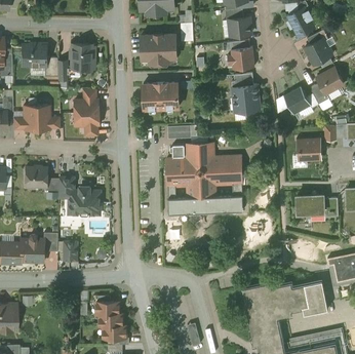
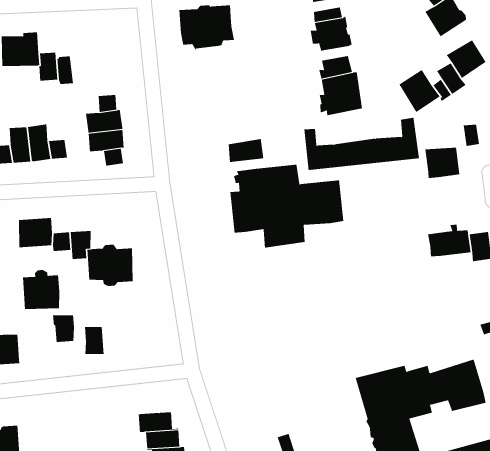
building: [71,45,94,71] -> none
building: [143,83,179,110] -> none
building: [167,184,243,214] -> [304,117,420,171]
building: [19,236,44,263] -> [22,270,60,309]

